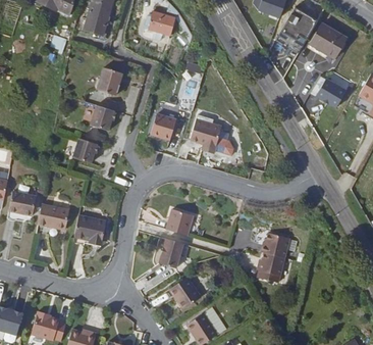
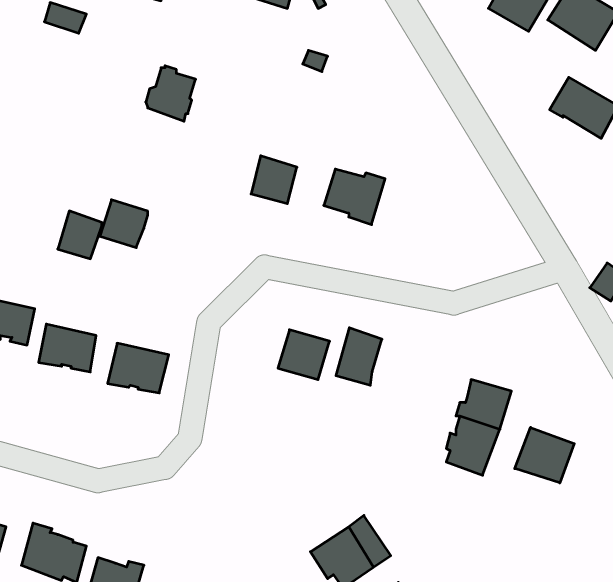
building: [91,105,114,131] -> [58,211,102,259]
building: [160,237,184,267] -> [336,328,382,385]
building: none -> [515,427,574,483]
building: [170,276,202,307] -> none

